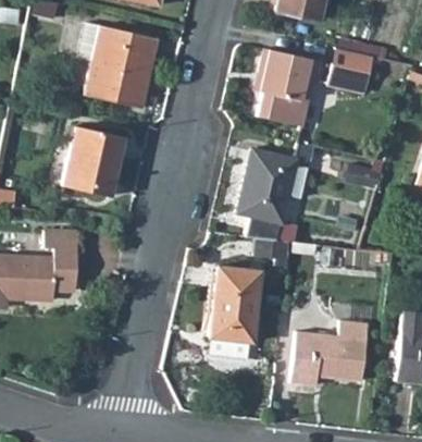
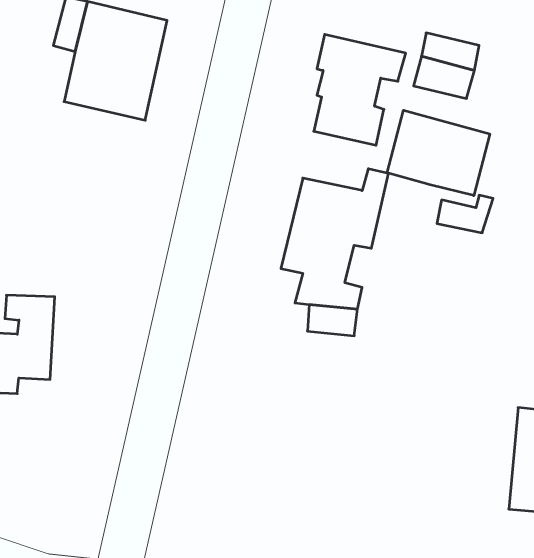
building: none -> [387,110,490,196]
building: [63,126,124,196] -> none
building: [210,266,261,359] -> none
building: [291,321,370,385] -> none

